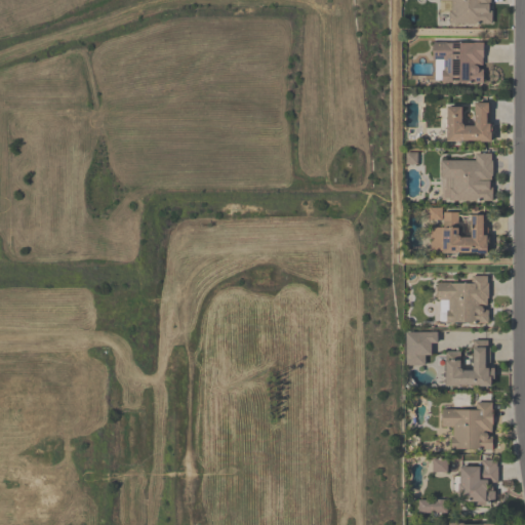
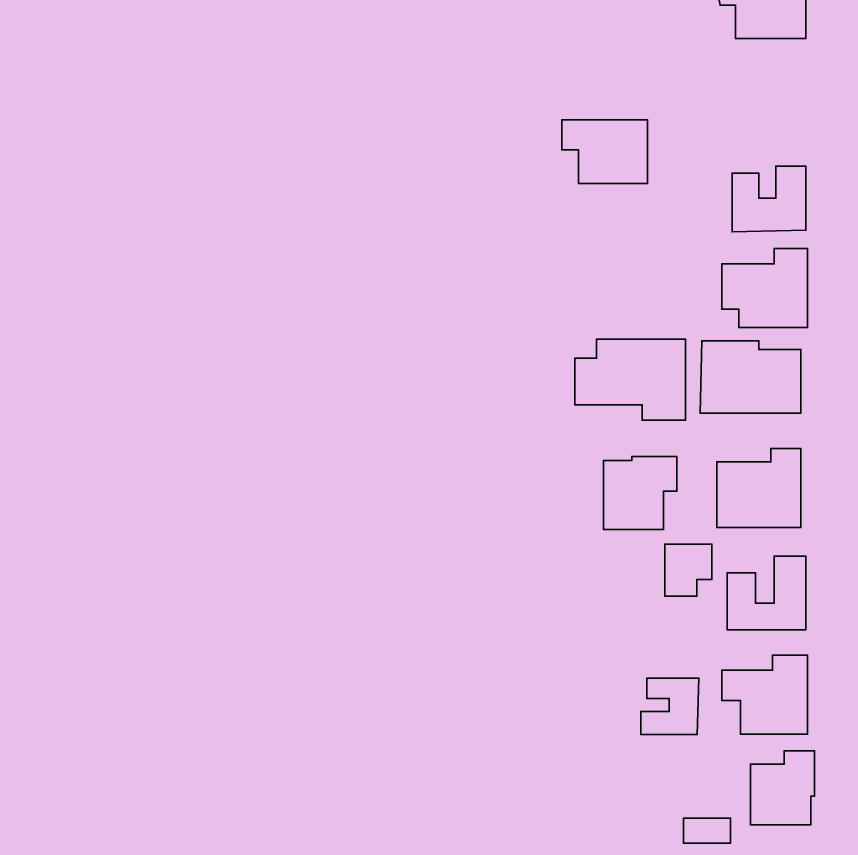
building: [432,42,484,81] -> [562,120,647,184]
building: none -> [575,339,685,420]
building: none -> [604,457,677,530]
building: none -> [641,678,699,734]

